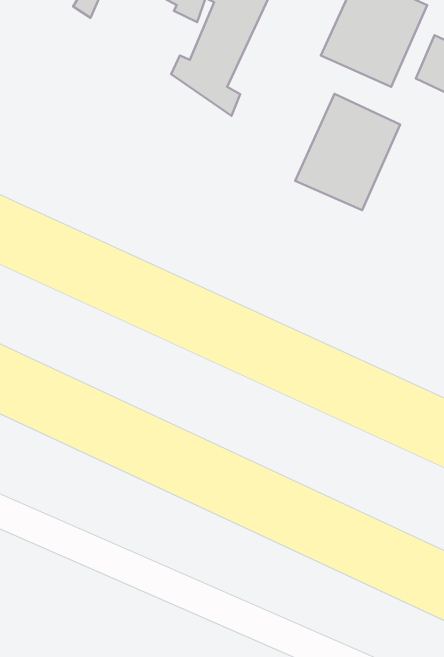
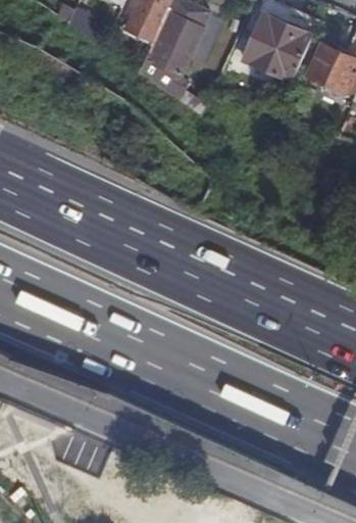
building: [295,94,400,210] -> none

